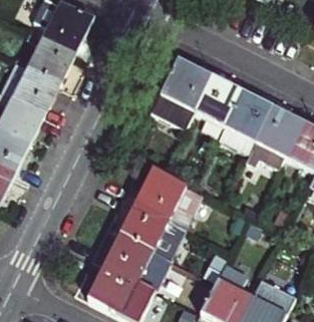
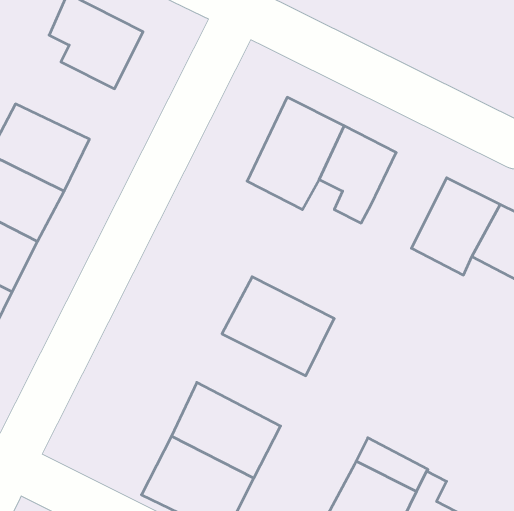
building: [13,38,73,84] -> none
building: [221,92,272,149] -> none
building: [122,201,188,256] -> none

